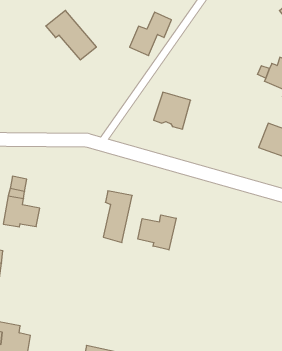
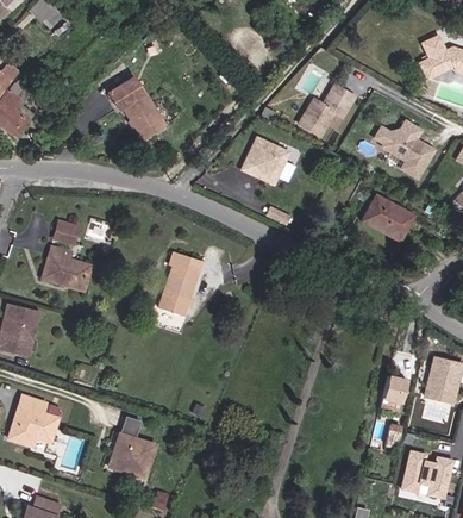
building: [46,10,96,60] -> [108,79,165,141]
building: [130,12,171,56] -> [299,83,353,135]
building: [138,215,176,250] -> none

